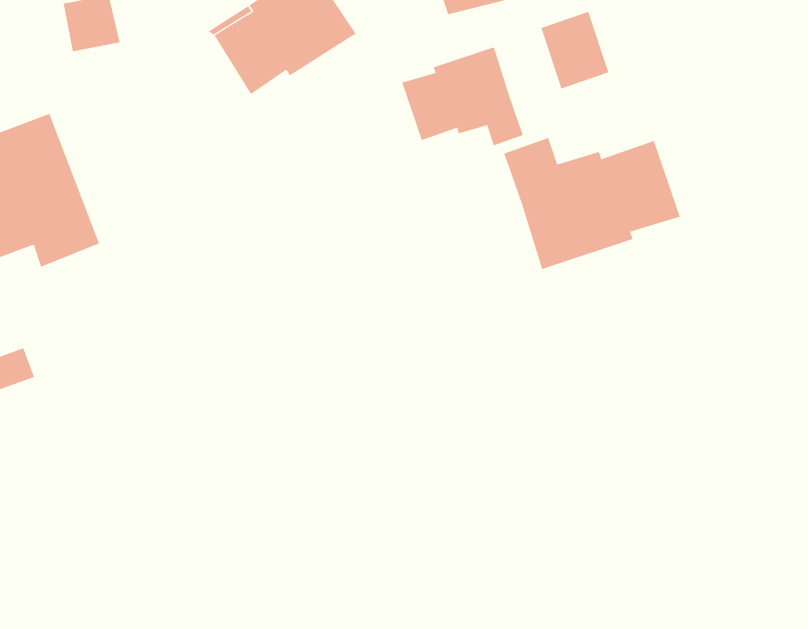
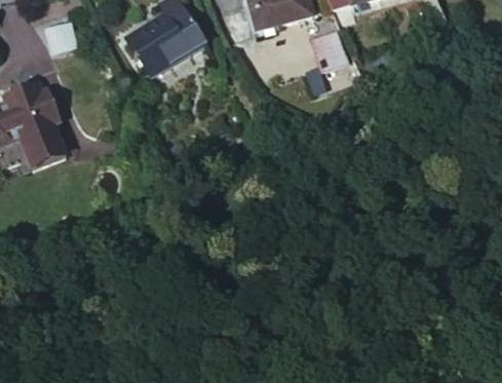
building: [402,46,523,146] -> none
building: [504,137,681,270] -> none

